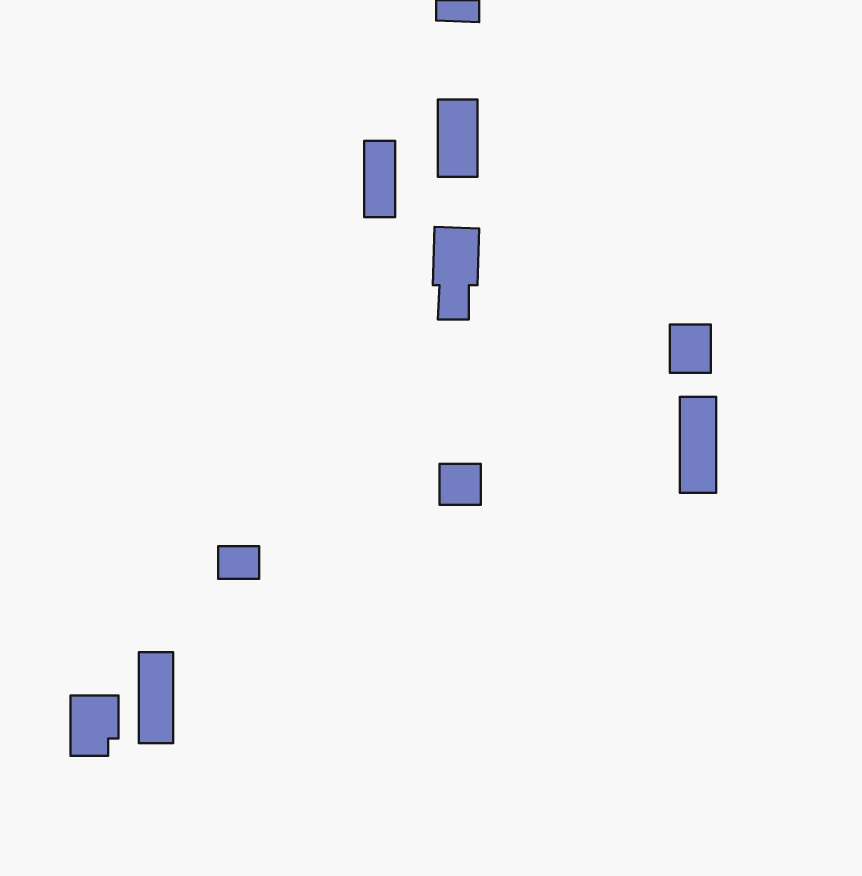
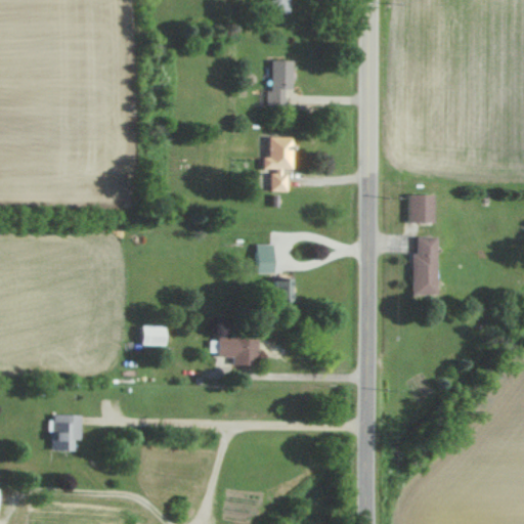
building: [364,141,395,217] -> none
building: none -> [261,249,276,273]
building: none -> [218,333,259,365]
building: [139,652,173,743] -> none

